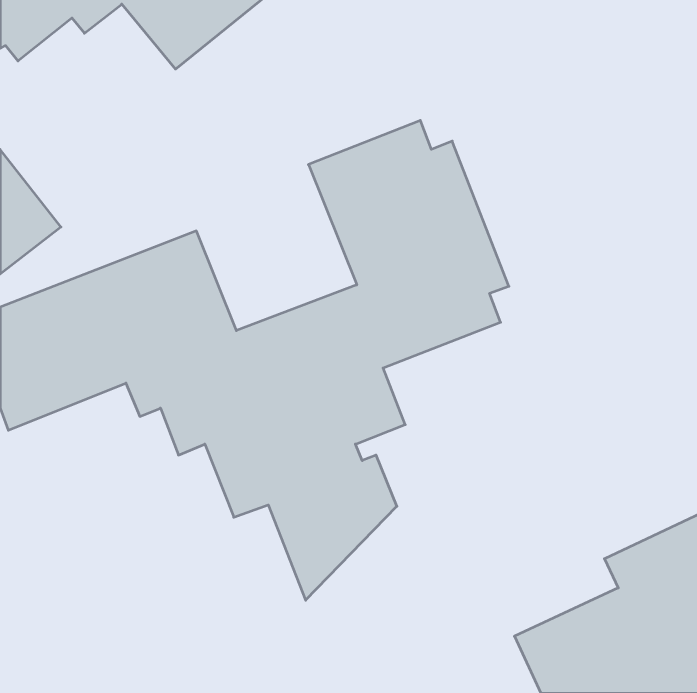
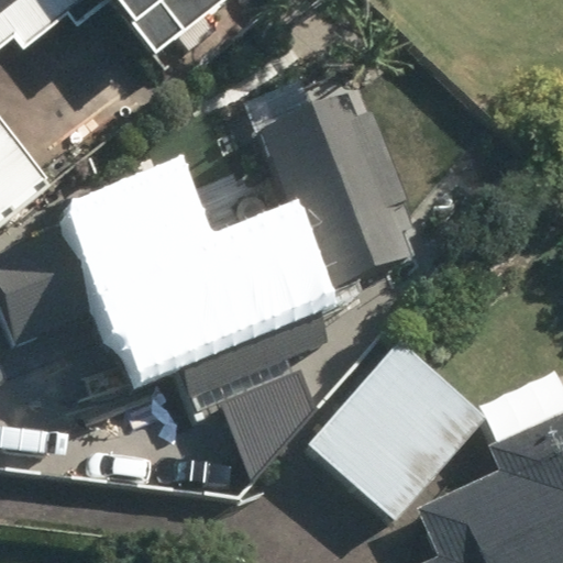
building: none -> [306,336,488,520]

